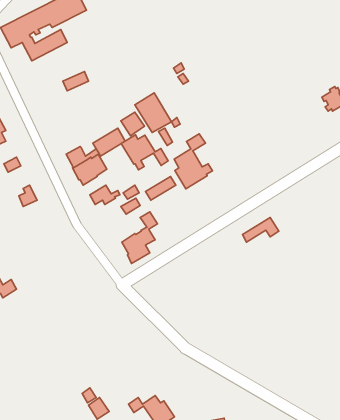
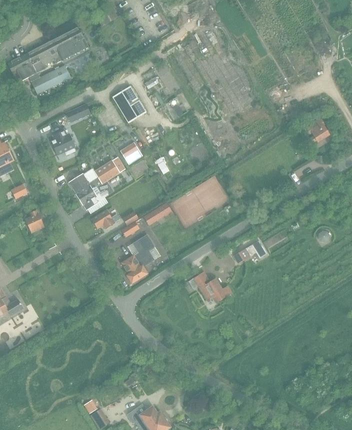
building: [135,93,171,133] -> [112,86,146,123]
building: none -> [51,131,75,155]
building: [174,134,213,189] -> none
building: [121,135,168,170] -> none
building: none -> [188,272,231,303]

